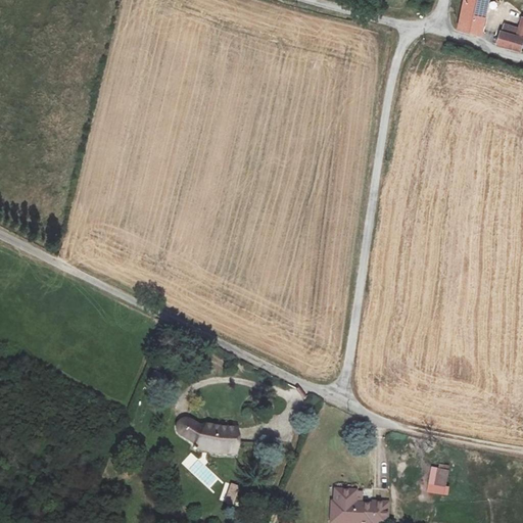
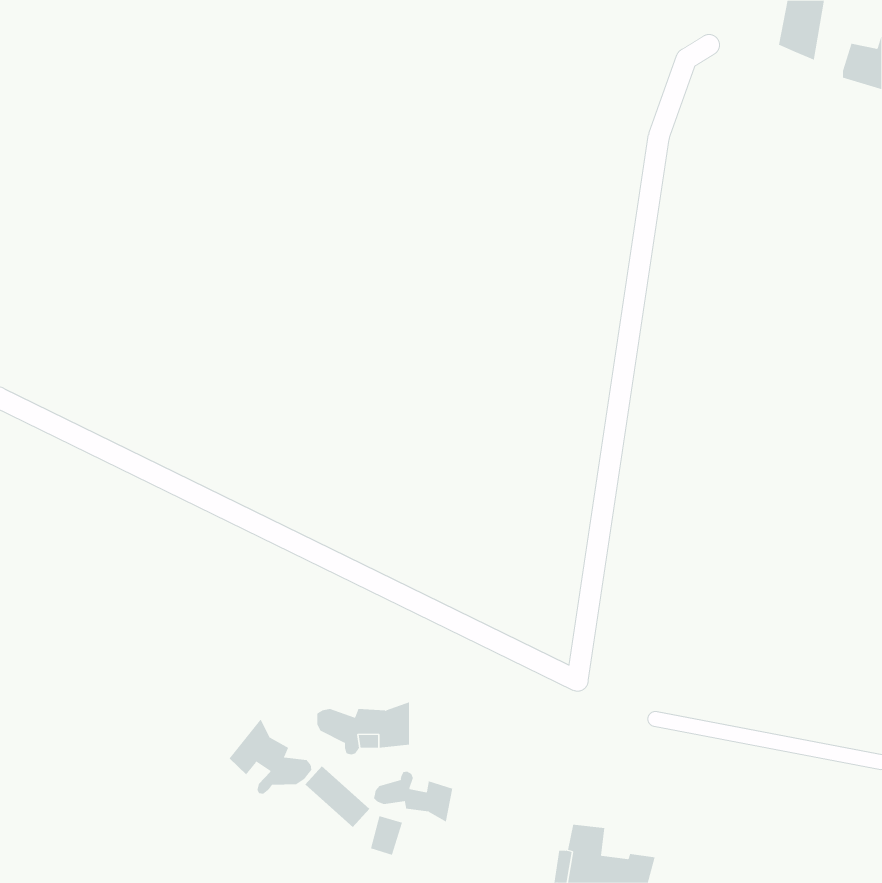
building: none -> [229,718,312,794]
building: none -> [374,771,453,823]
building: [426,465,448,494] -> none

